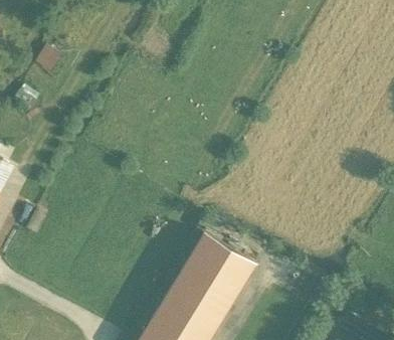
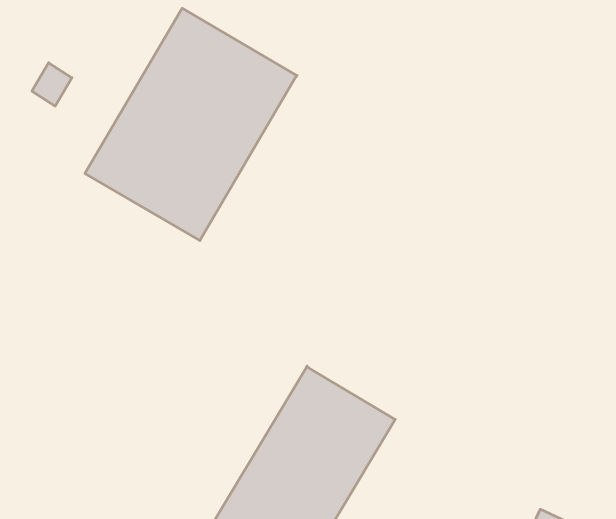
building: none -> [85,8,297,241]

